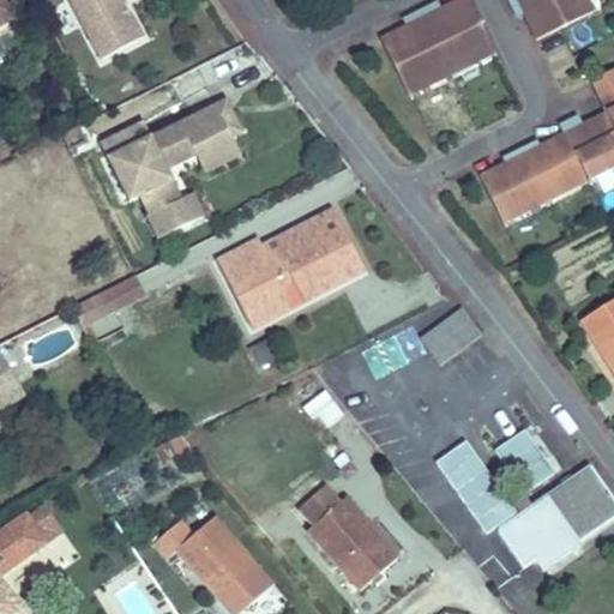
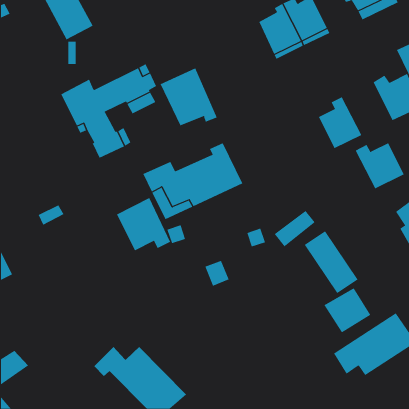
building: none -> [160,68,217,126]
building: [513,132,588,201] -> [355,142,405,189]
building: none -> [116,197,171,251]
building: [437,437,518,531] -> [304,230,358,294]
building: [291,484,392,588] -> none

